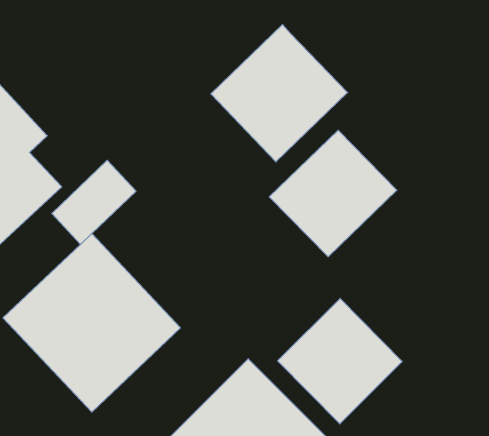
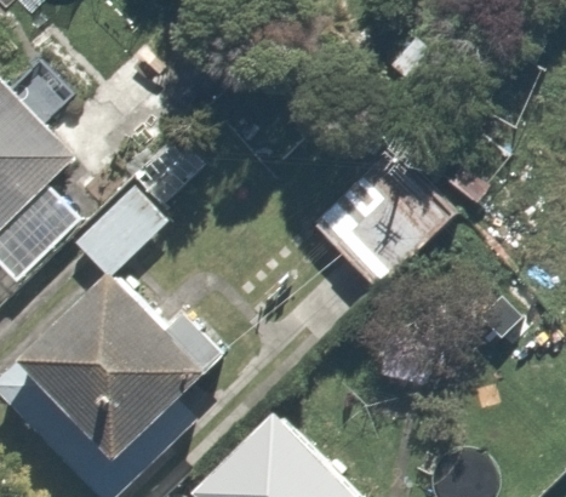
building: [211,25,348,162] -> none
building: [278,298,402,424] -> none

